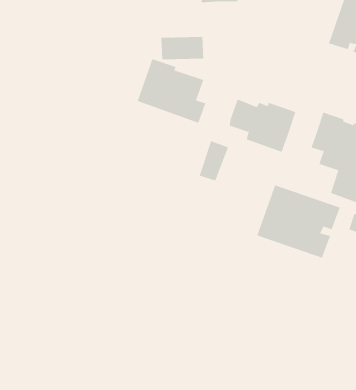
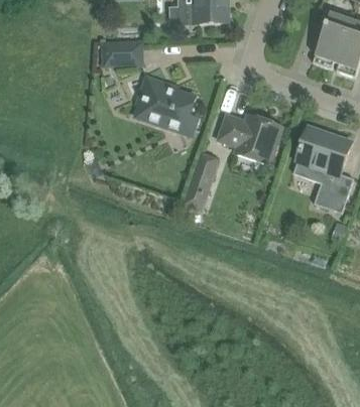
building: [161,36,204,60] -> [100,41,141,63]
building: [256,185,340,258] -> none

